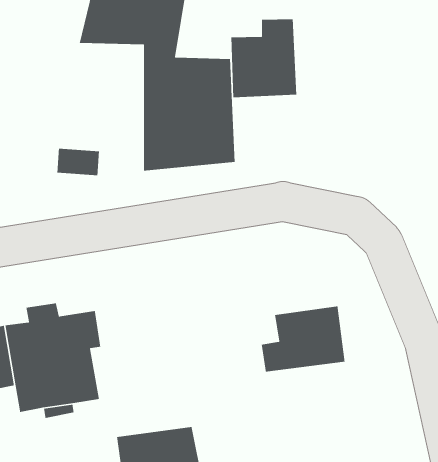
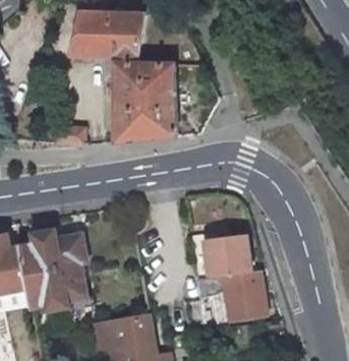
building: [231,18,297,98] -> none
building: none -> [197,269,267,321]

